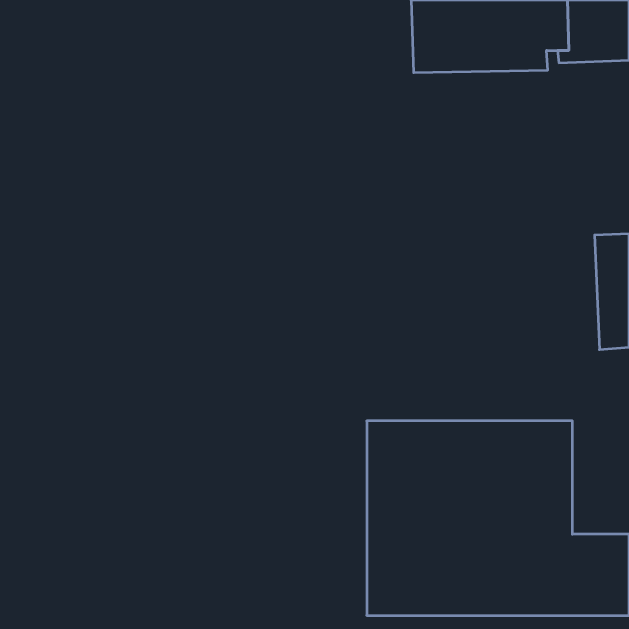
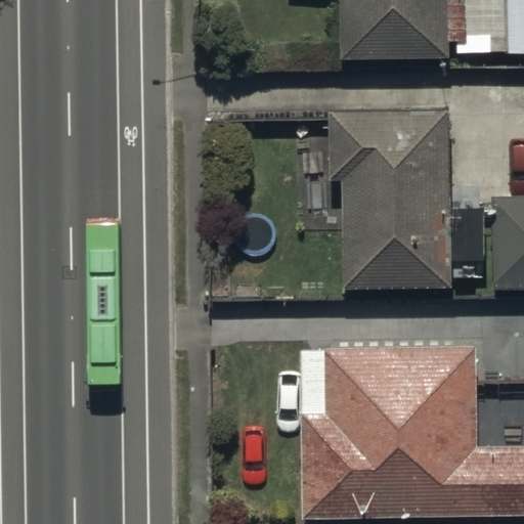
building: none -> [332,112,486,289]

